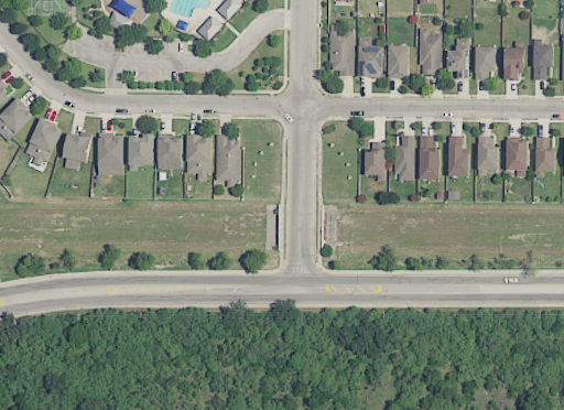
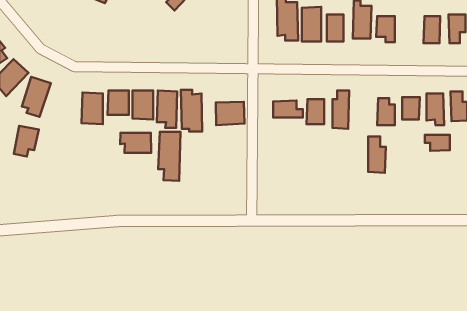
building: [474,46,495,79] -> none
building: [62,133,91,170] -> [14,126,39,157]
building: [419,137,440,180] -> [368,137,386,173]
building: none -> [273,101,303,118]
building: none -> [216,102,244,125]
building: none -> [158,132,180,181]
building: none -> [120,133,151,153]
building: none -> [425,135,450,151]

